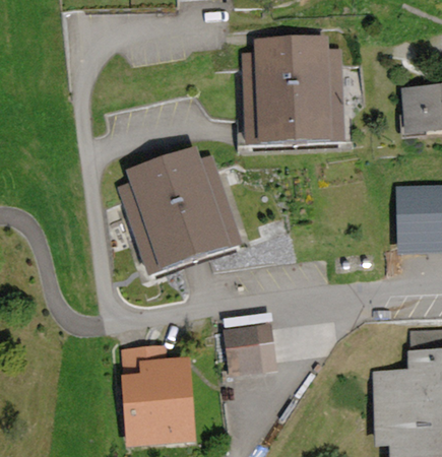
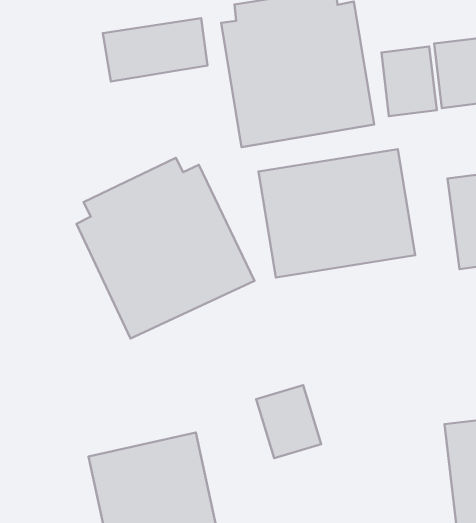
building: none -> [103,18,208,81]
building: none -> [381,46,437,116]
building: none -> [258,149,415,277]

